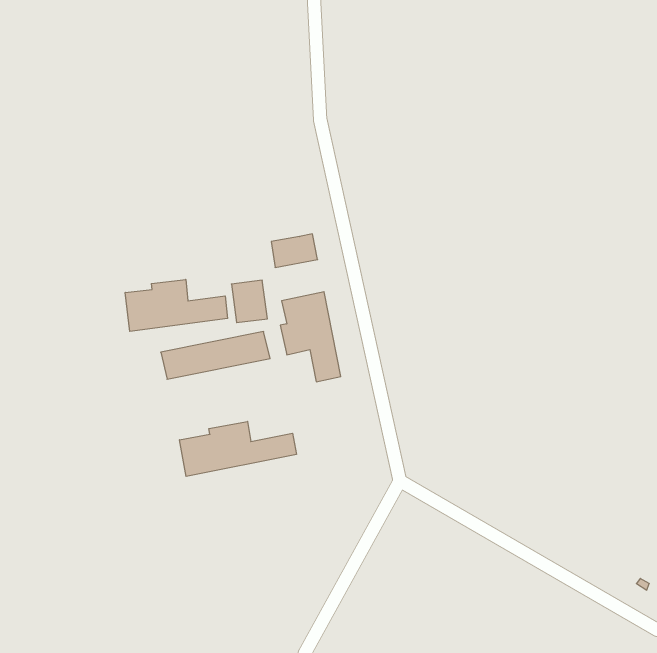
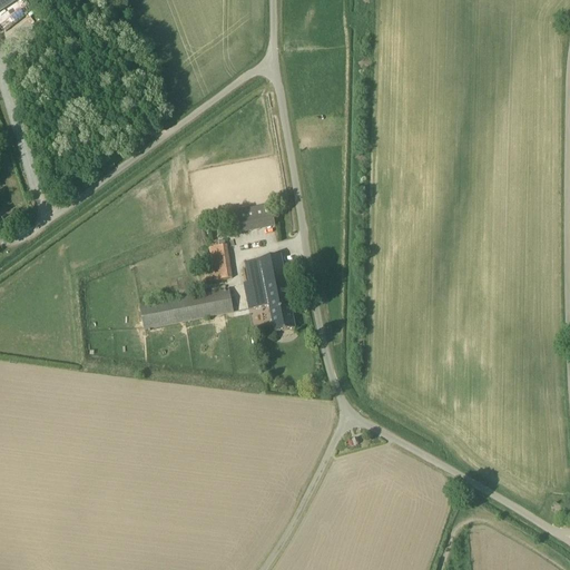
building: [125,279,228,331] -> none
building: [180,421,296,476] -> none

